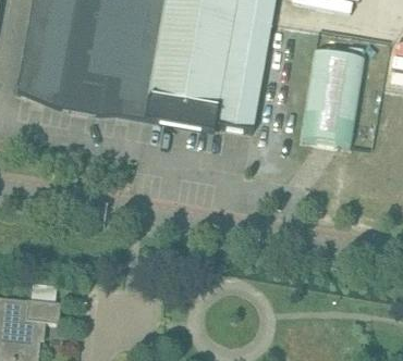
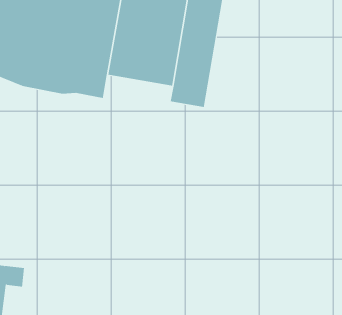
building: [302,47,364,142] -> none
building: [144,94,218,130] -> none

